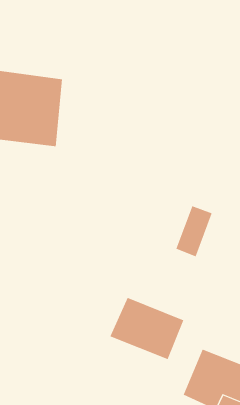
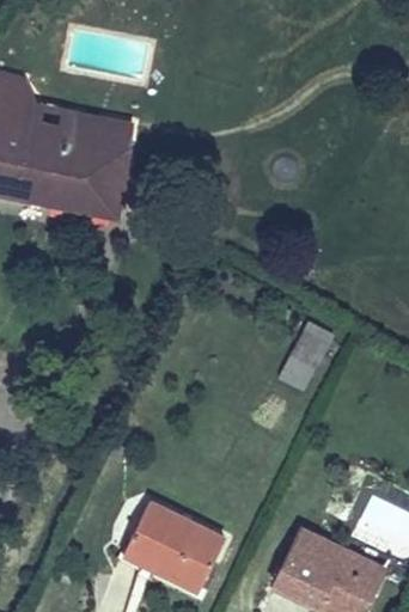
building: [110,297,184,360] -> [118,498,227,593]

